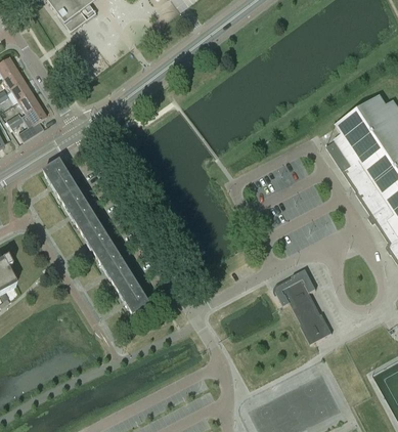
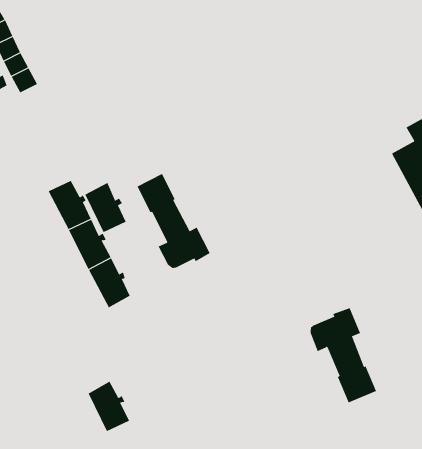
building: [44,160,79,200] -> [84,182,127,233]
building: none -> [137,173,210,269]
building: [117,275,151,315] -> [88,381,130,432]

